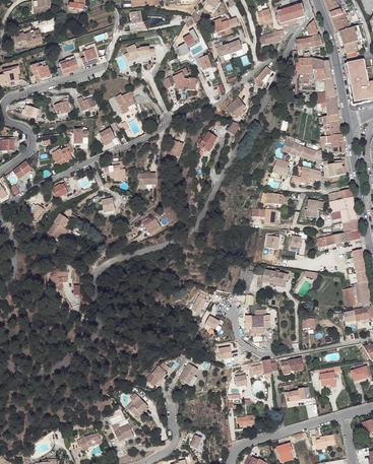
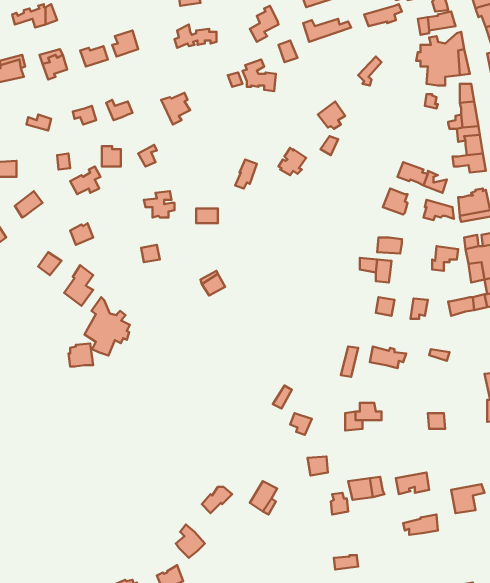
building: none -> [84,297,130,356]

